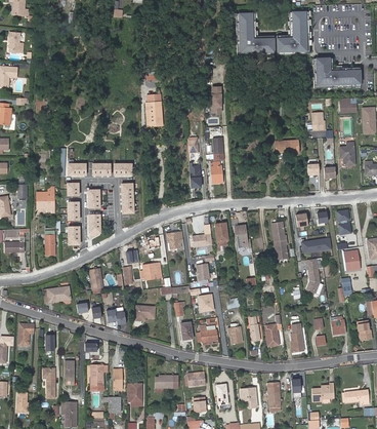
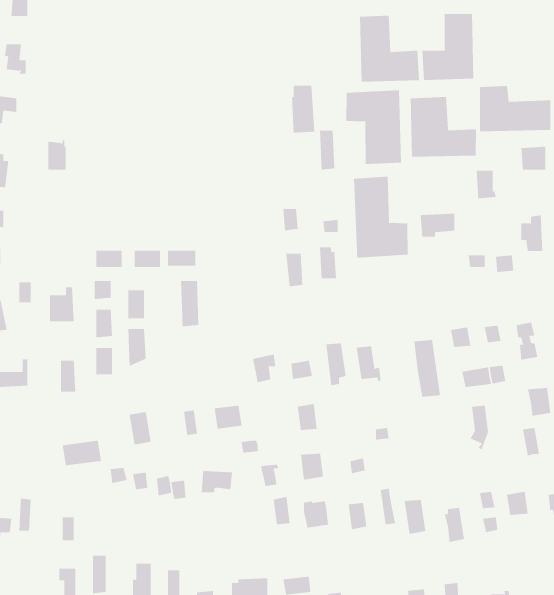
building: none -> [346,90,402,165]
building: none -> [410,96,477,157]
building: [145,95,161,126] -> [291,85,315,133]
building: none -> [353,176,408,259]

